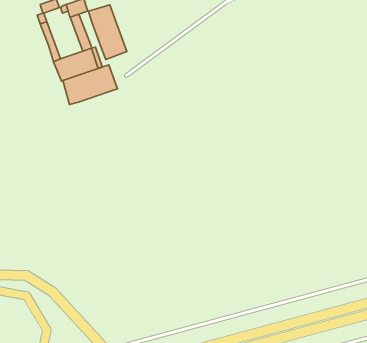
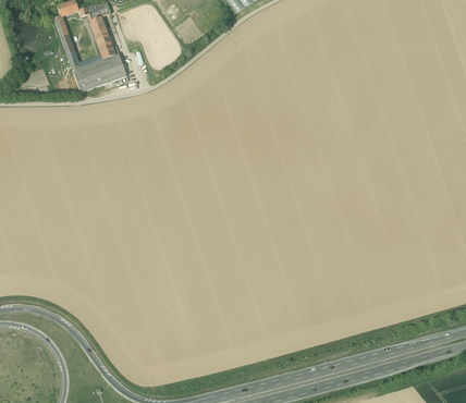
building: [89,5,127,60] -> none
building: [63,65,117,104] -> none

